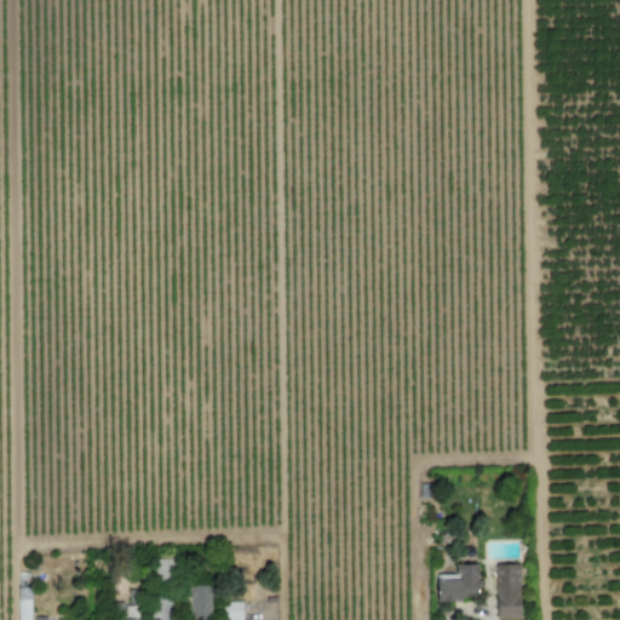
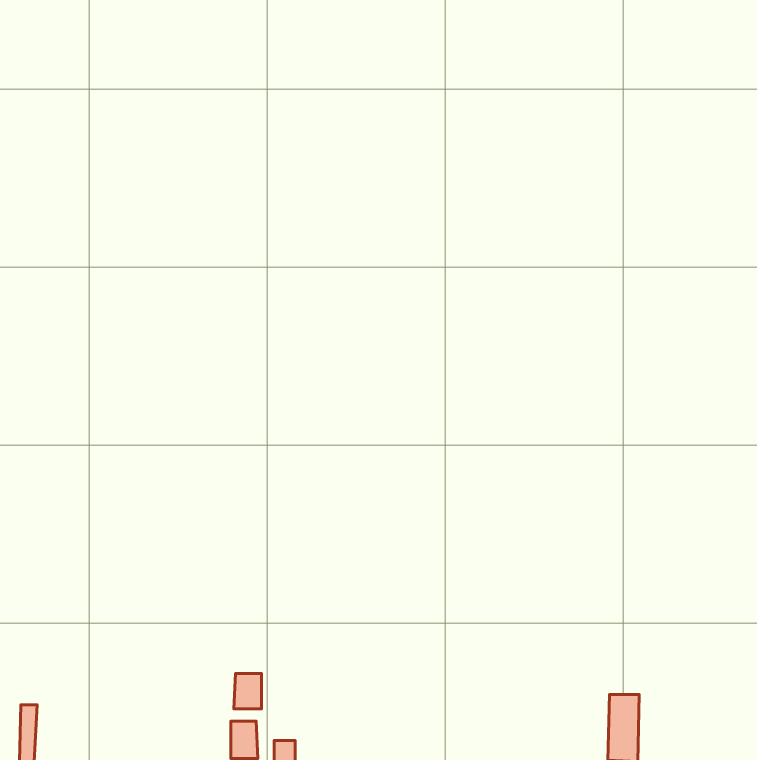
building: none -> [234,673,262,709]
building: [437,566,480,602] -> none

